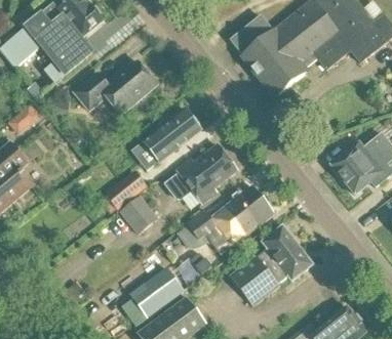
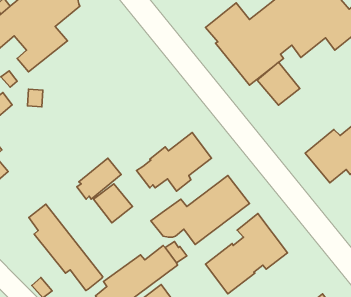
building: [74,59,157,114] -> none
building: none -> [257,62,300,105]
building: [143,108,201,162] -> none
building: none -> [29,204,103,290]

